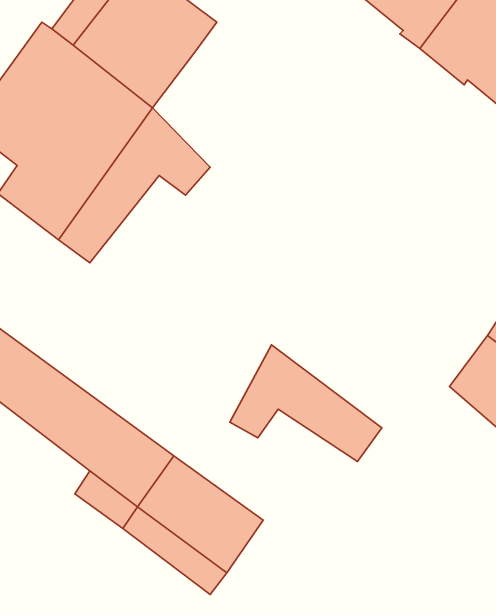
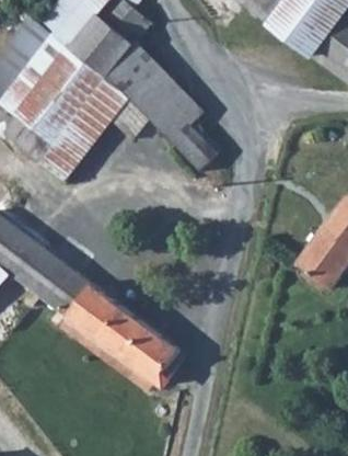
building: none -> [106,38,216,171]
building: [230,345,382,462] -> none

